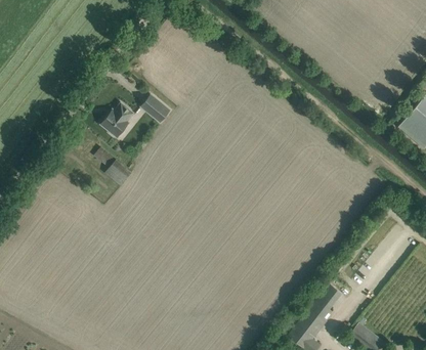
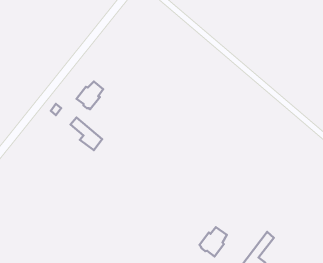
building: [140,94,169,121] -> none
building: none -> [200,227,227,257]

